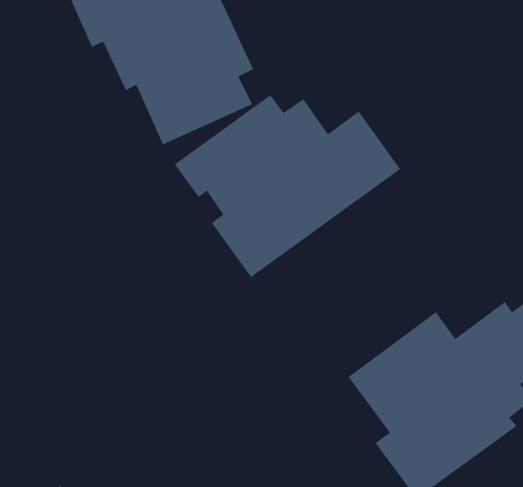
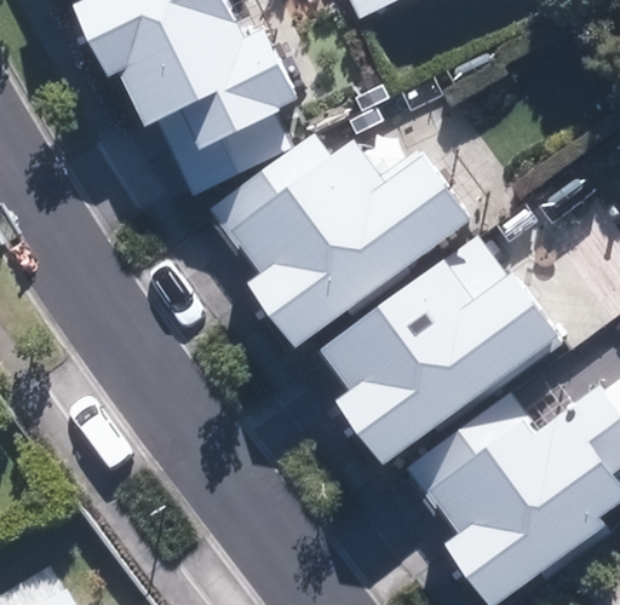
building: none -> [318,234,556,466]

